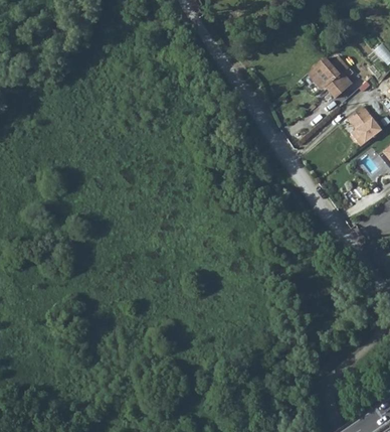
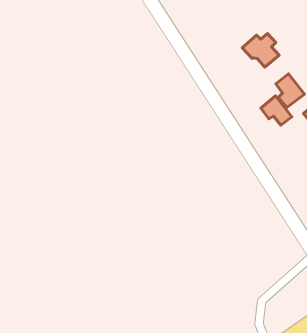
building: none -> [261,96,292,125]

